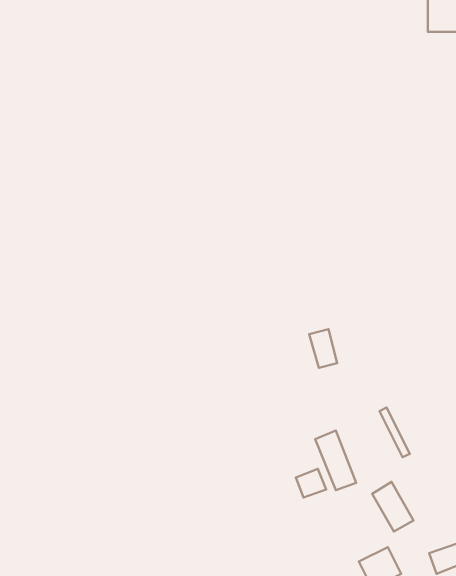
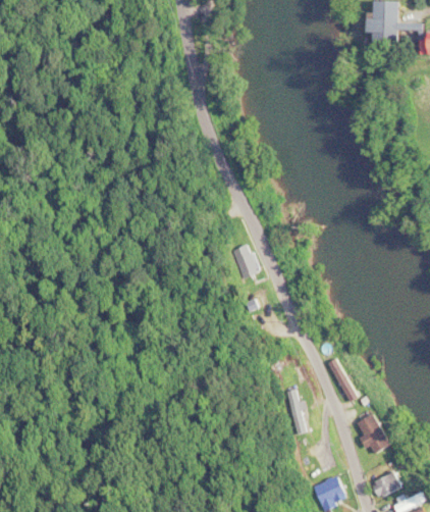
building: [309,329,337,368] -> [233,245,257,277]
building: [296,469,326,497] -> none
building: [372,482,413,532] -> [356,412,390,454]

